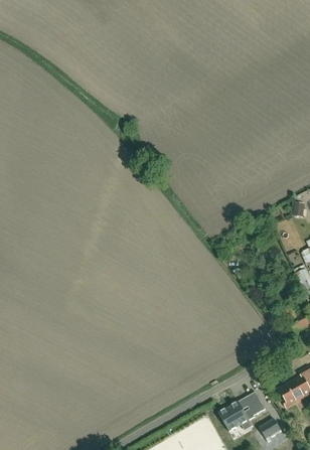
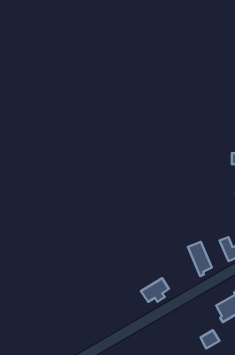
building: none -> [188,242,212,276]
building: [230,391,265,420] -> [141,278,169,302]

